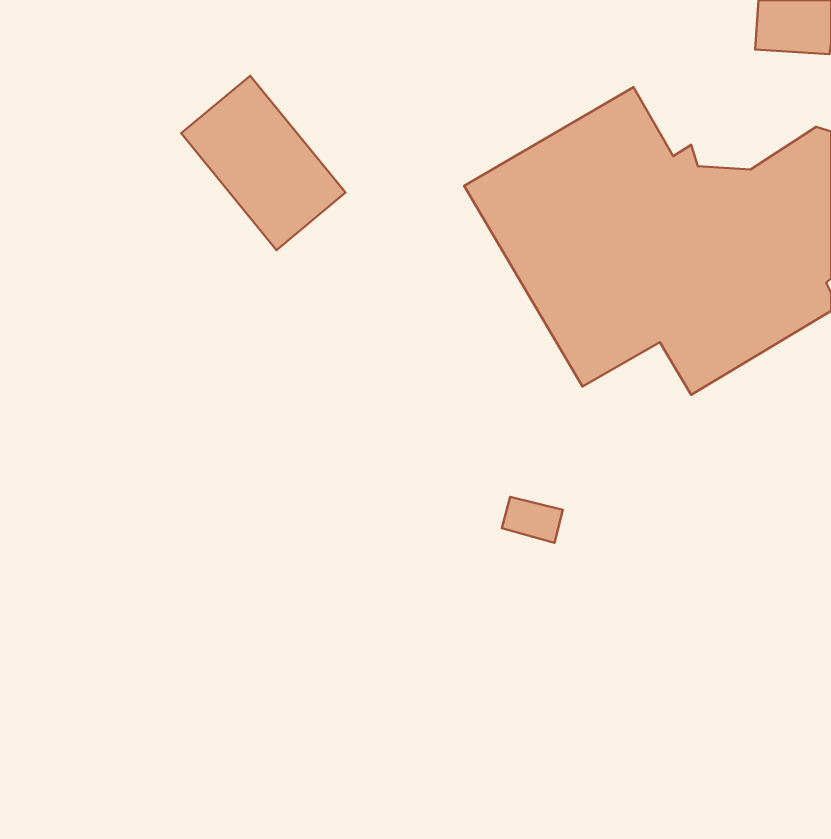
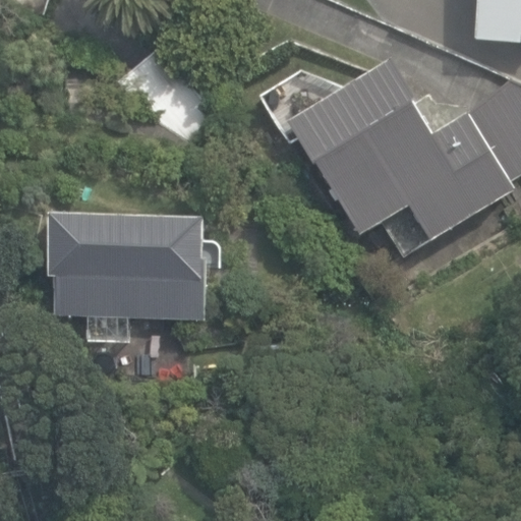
building: none -> [47,212,206,342]

